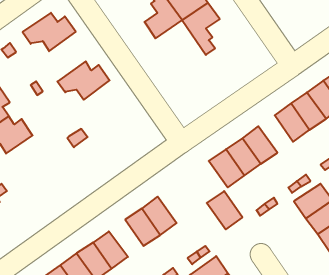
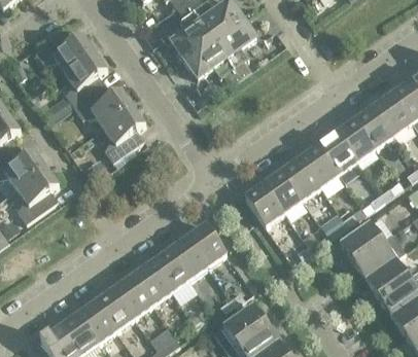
building: none -> [183,37,240,83]
building: none -> [64,50,106,106]
building: none -> [103,105,145,160]
building: none -> [299,144,338,186]
building: none -> [15,167,58,222]
building: [207,191,242,229] -> [185,222,225,265]
building: none -> [131,261,170,304]

